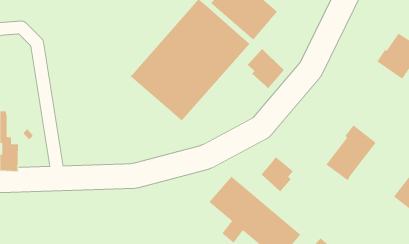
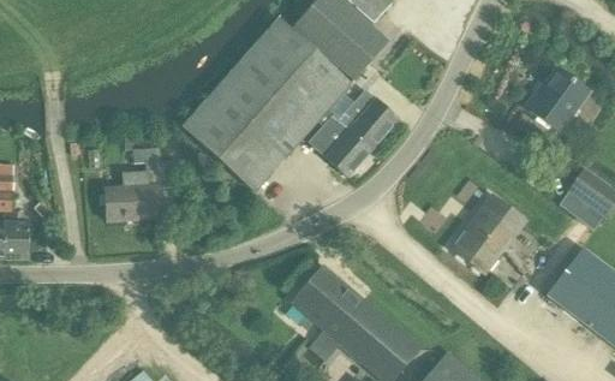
building: none -> [309,114,375,175]
building: none -> [106,147,175,221]
building: [261,156,294,192] -> none

